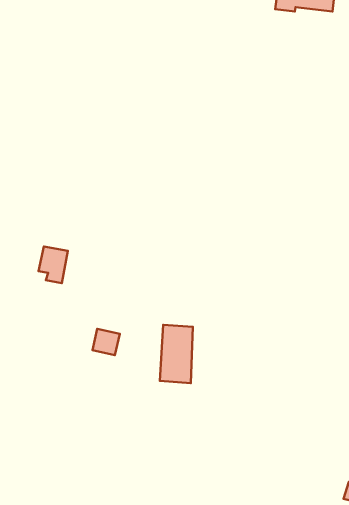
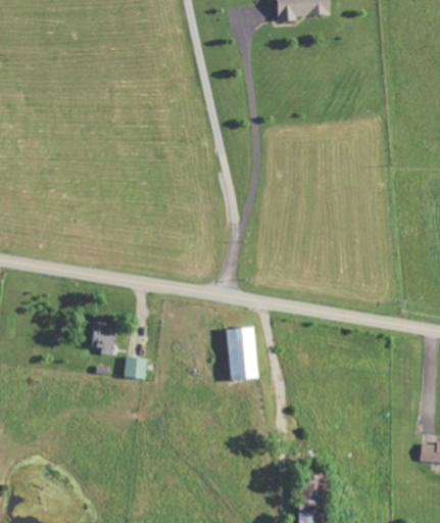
building: [39,247,68,283] -> [92,323,115,353]
building: [92,329,120,355] -> [124,356,146,378]

